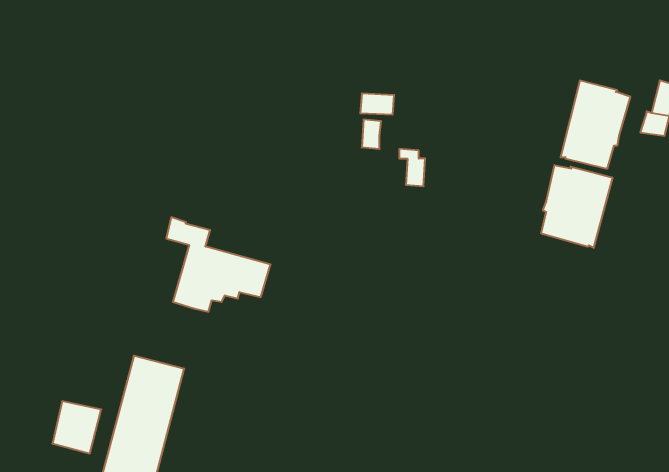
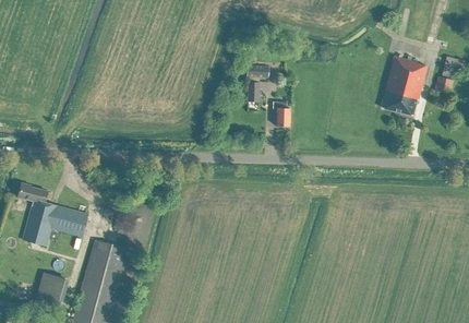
building: [541,165,612,248] -> none
building: [166,217,271,312] -> [17,182,87,246]

